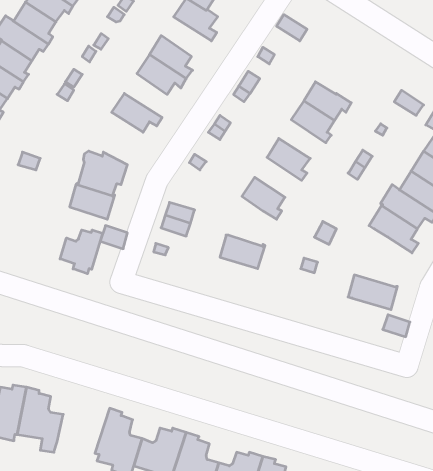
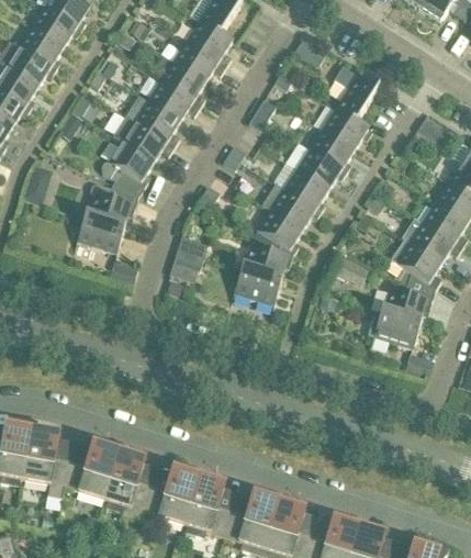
building: none -> [172,40,225,81]
building: none -> [333,64,378,121]
building: none -> [126,94,179,145]
building: none -> [102,140,154,194]
building: none -> [295,147,345,188]
building: none -> [261,181,319,228]
building: none -> [243,243,293,280]
building: [60,230,103,274] -> none
building: none -> [374,270,435,323]
building: none -> [64,445,119,496]

